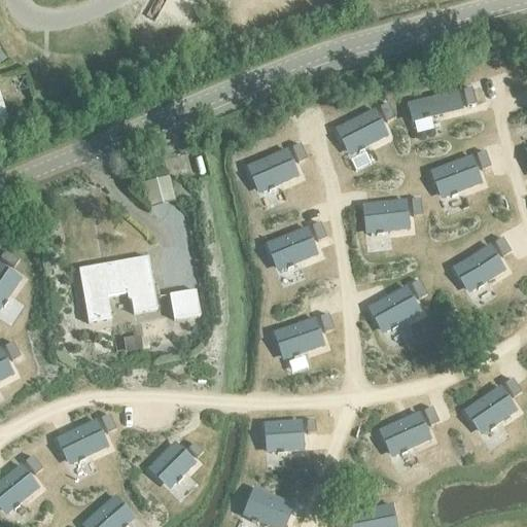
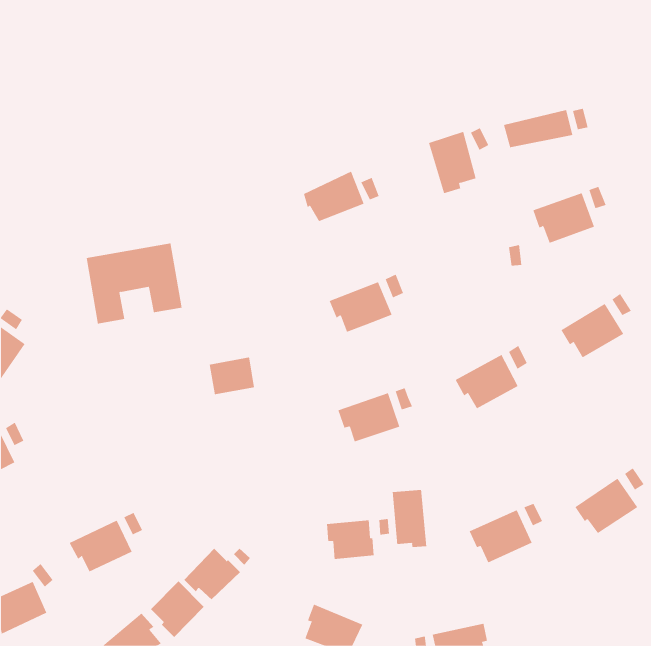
building: [362,200,409,233] -> none
building: [78,256,156,322] -> [86,243,183,324]
building: none -> [392,489,427,548]
building: none -> [150,581,205,638]

